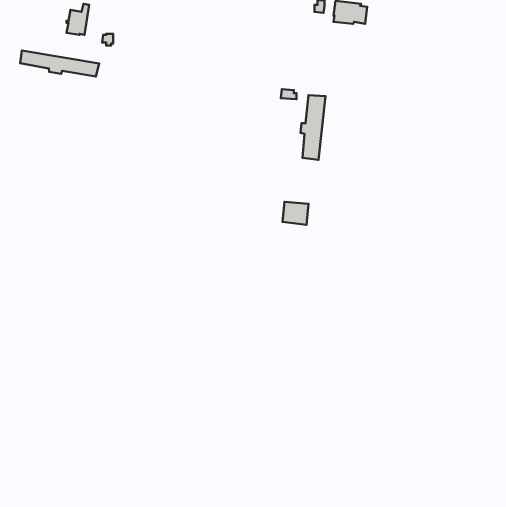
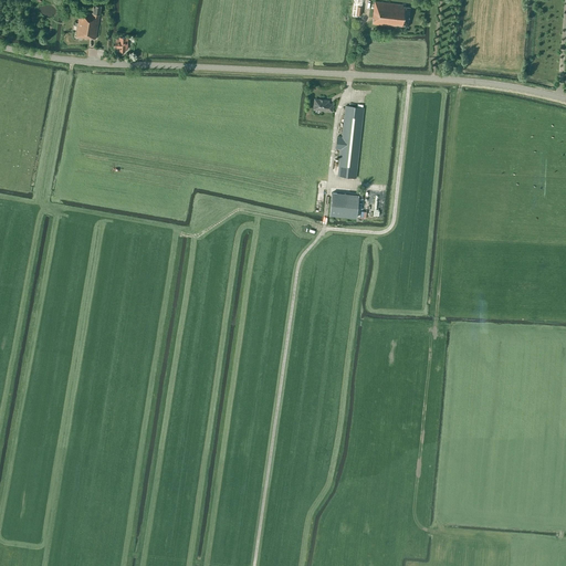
building: [20,51,99,76] -> none
building: [283,202,308,225] -> [328,192,357,218]

